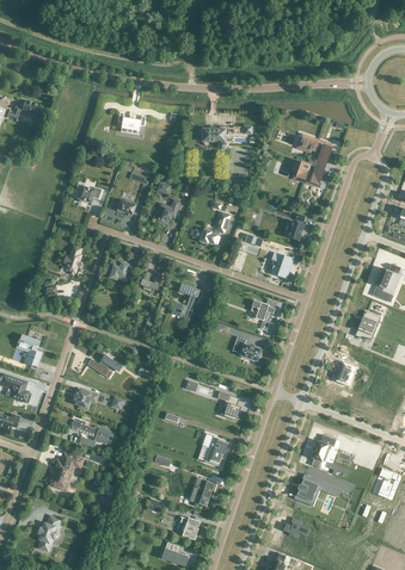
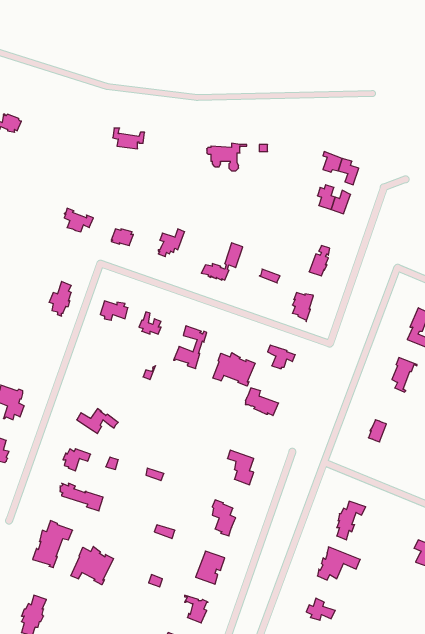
building: none -> [213,353,255,386]
building: none -> [71,546,114,585]

